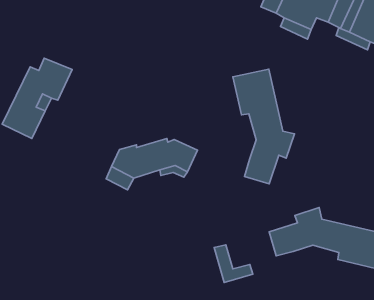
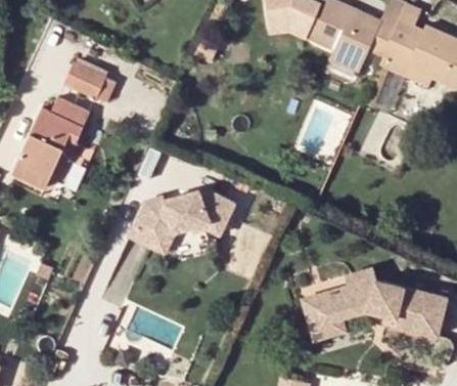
building: none -> [63,61,106,97]
building: [233,69,295,184] -> none
building: [214,245,253,282] -> [302,296,346,339]

